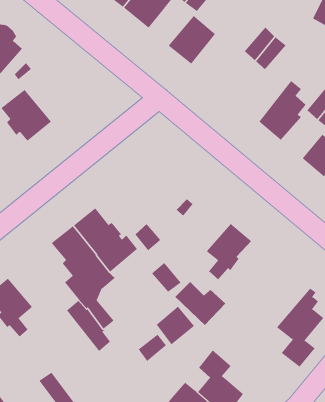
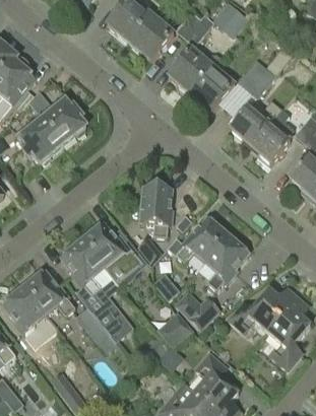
building: none -> [189,66,235,113]
building: none -> [38,96,85,145]
building: none -> [230,100,279,145]
building: none -> [141,188,172,237]
building: none -> [166,219,225,263]
building: none -> [22,270,73,316]
building: none -> [228,288,297,332]

